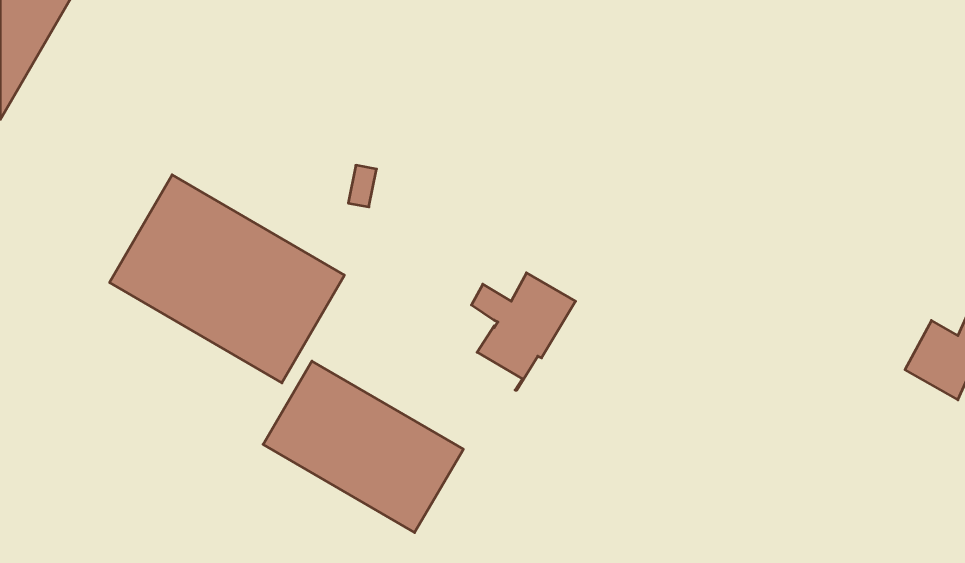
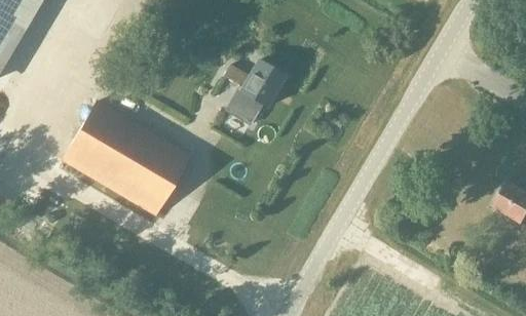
building: [471,273,576,390] -> [226,61,283,124]
building: [263,361,463,533] -> none

